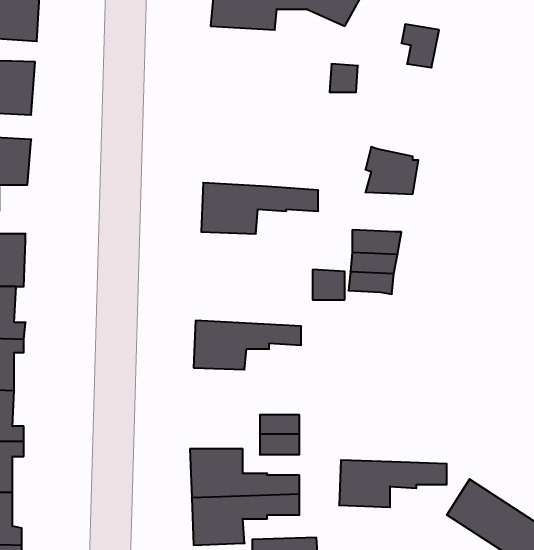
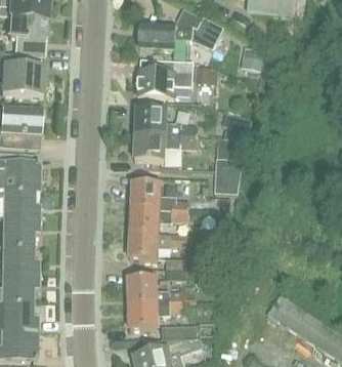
building: none -> [137,60,194,96]
building: none -> [135,109,199,136]
building: none -> [131,181,189,210]
building: [339,460,447,507] -> [129,233,187,258]

